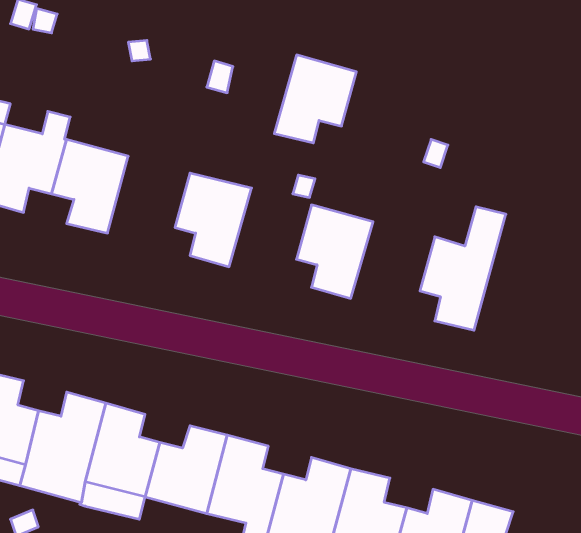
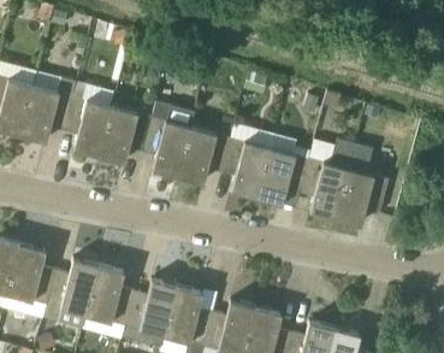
building: [274,55,356,143] -> [179,127,232,183]
building: none -> [101,106,154,163]
building: none -> [337,143,390,225]
building: none -> [257,148,312,204]

